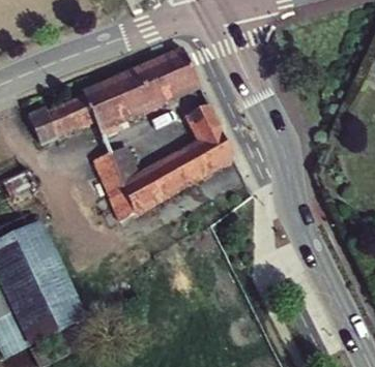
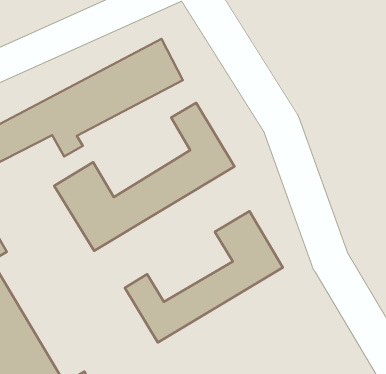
building: none -> [125,211,283,342]

